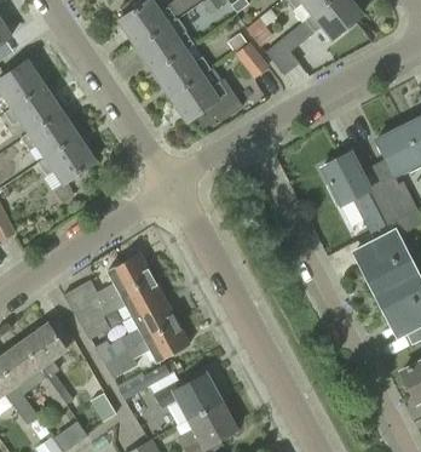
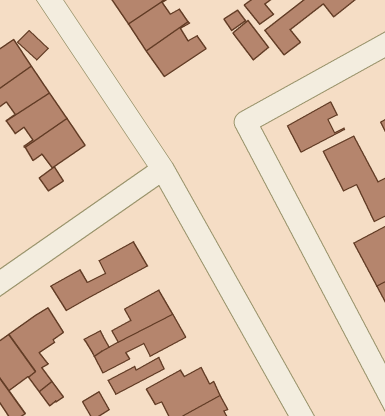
building: [171,68,243,128] -> none
building: none -> [288,102,344,152]
building: [76,276,166,330] -> none

